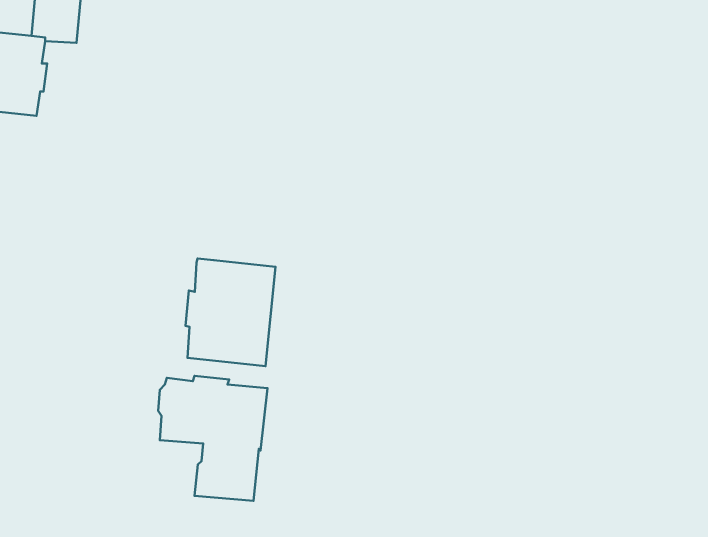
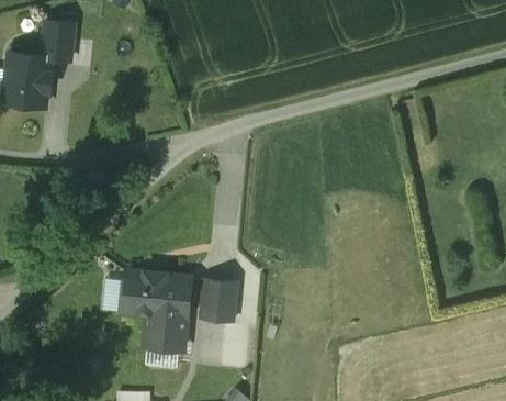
building: [186,259,275,366] -> none
building: none -> [201,281,236,322]

